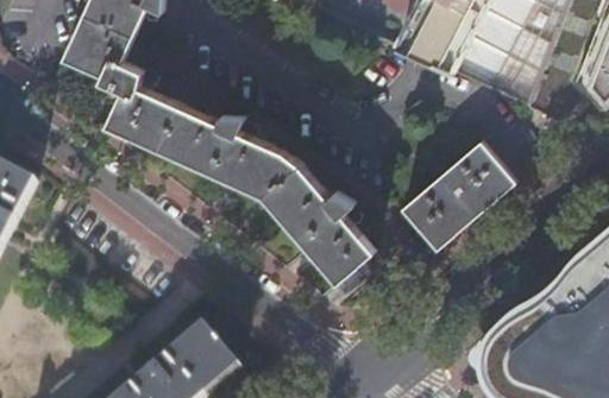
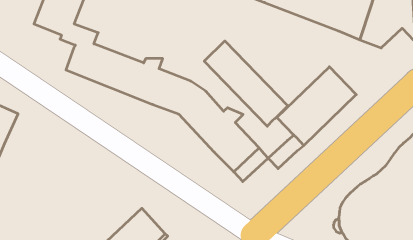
building: none -> [204,41,288,126]

